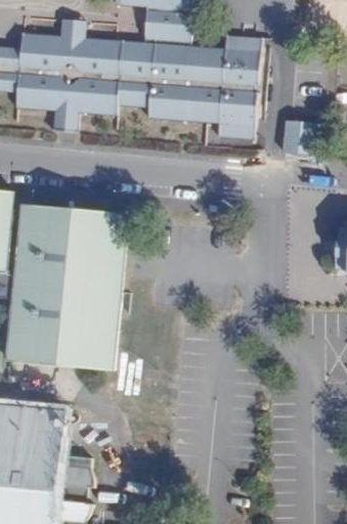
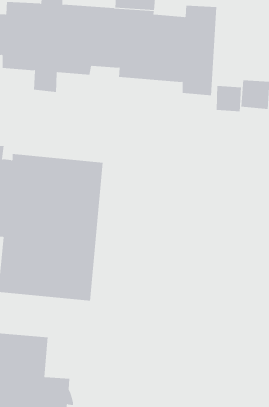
building: none -> [216,85,242,112]

